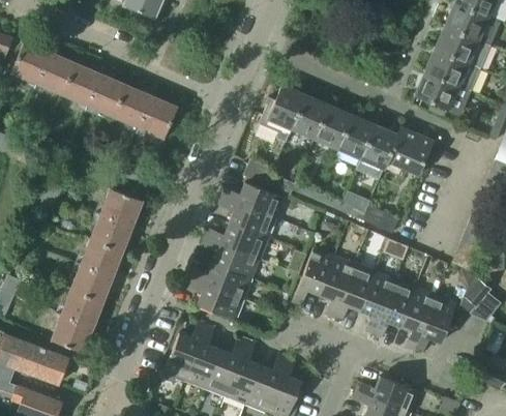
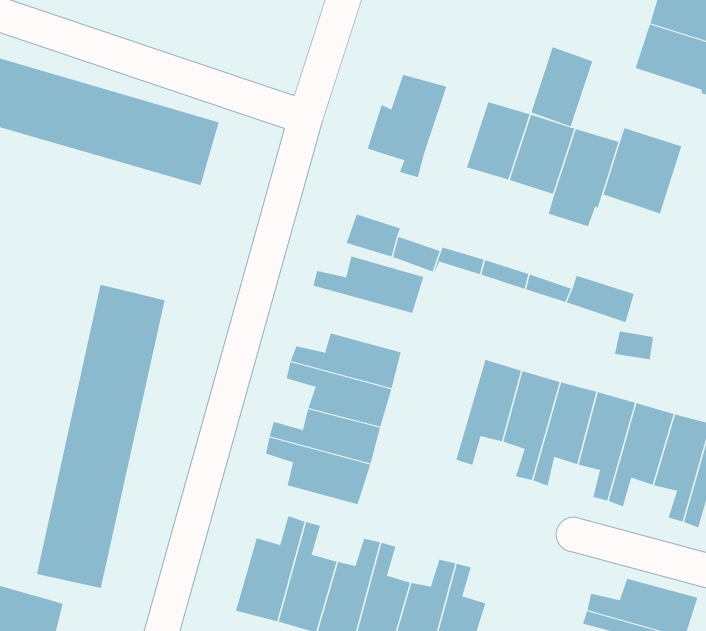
building: [293,95,330,141] -> [530,47,593,127]
building: [219,198,277,239] -> none

